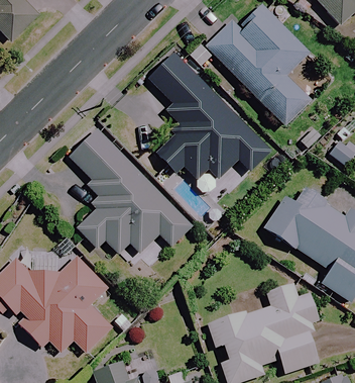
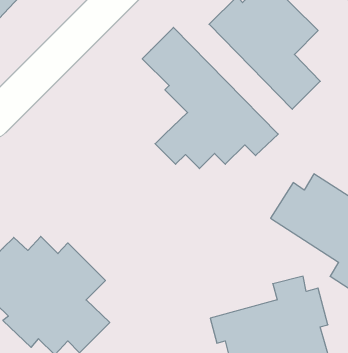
building: [69,126,193,252] -> none

